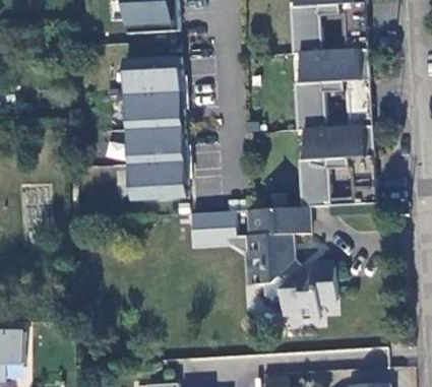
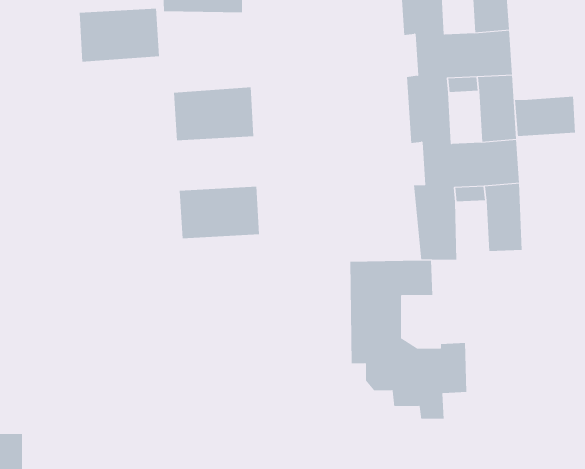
building: [124,52,182,90] -> [79,8,160,62]
building: none -> [514,96,575,137]
building: [128,122,186,160] -> none
building: [196,216,241,249] -> none

